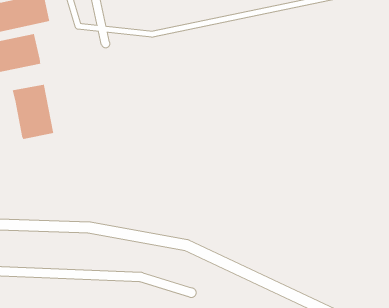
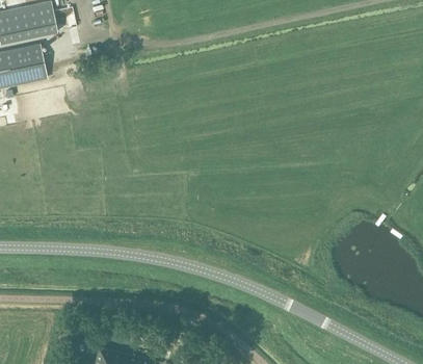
building: [12,84,54,140] -> none

